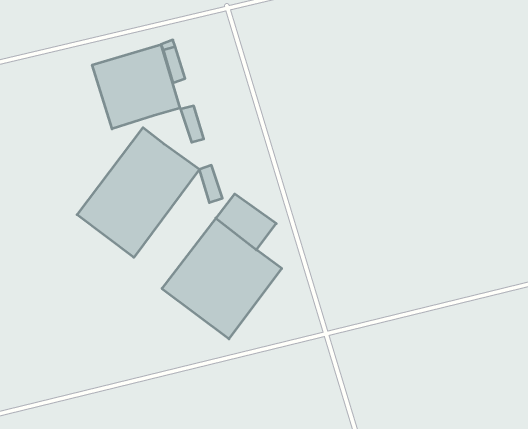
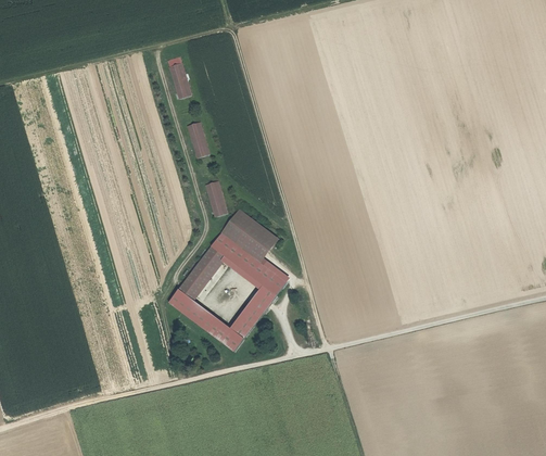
building: [92,44,180,129] -> none
building: [77,128,200,257] -> none

